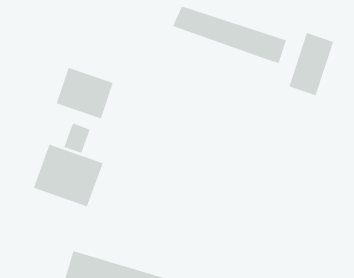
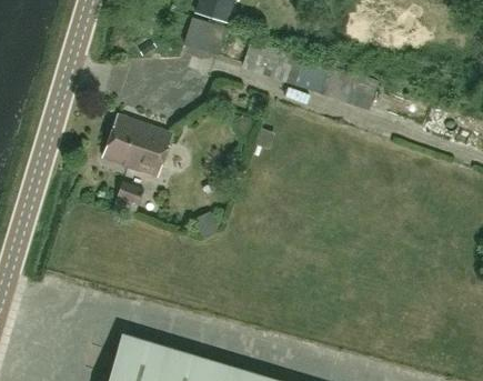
building: [289,32,334,96] -> none
building: [33,144,103,207] -> none

